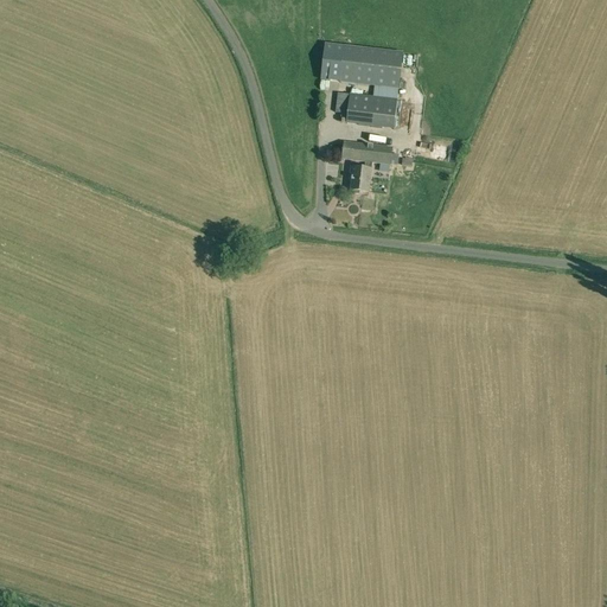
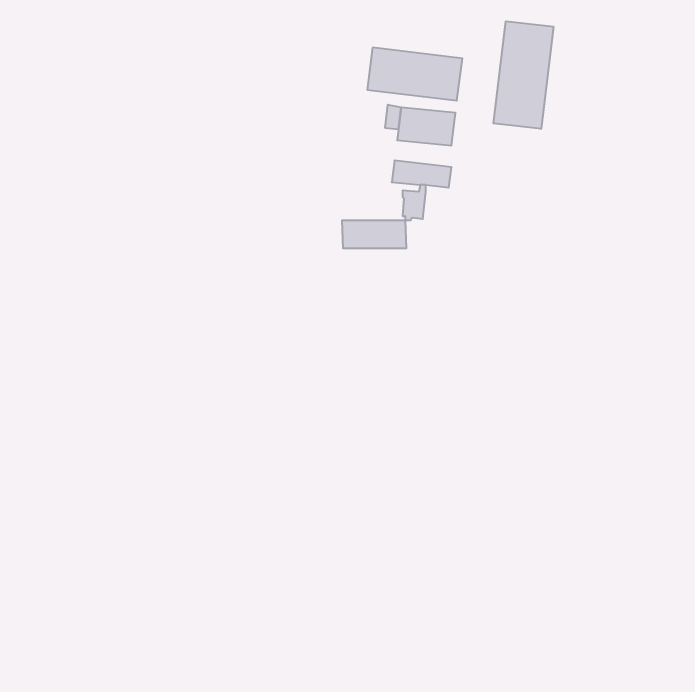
building: none -> [493,21,553,129]
building: none -> [342,220,406,248]

